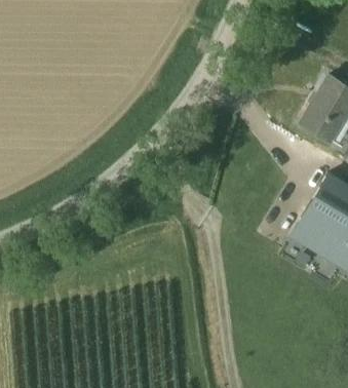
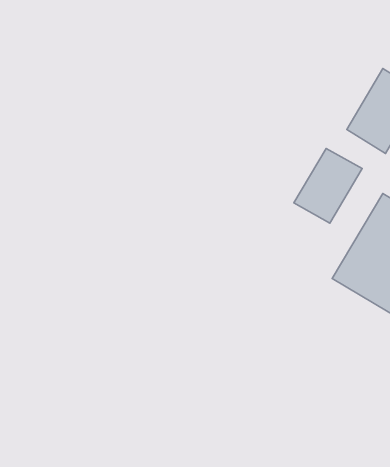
building: none -> [294,148,362,223]

